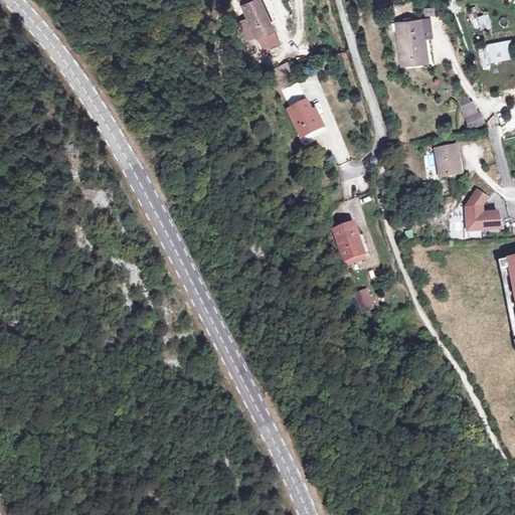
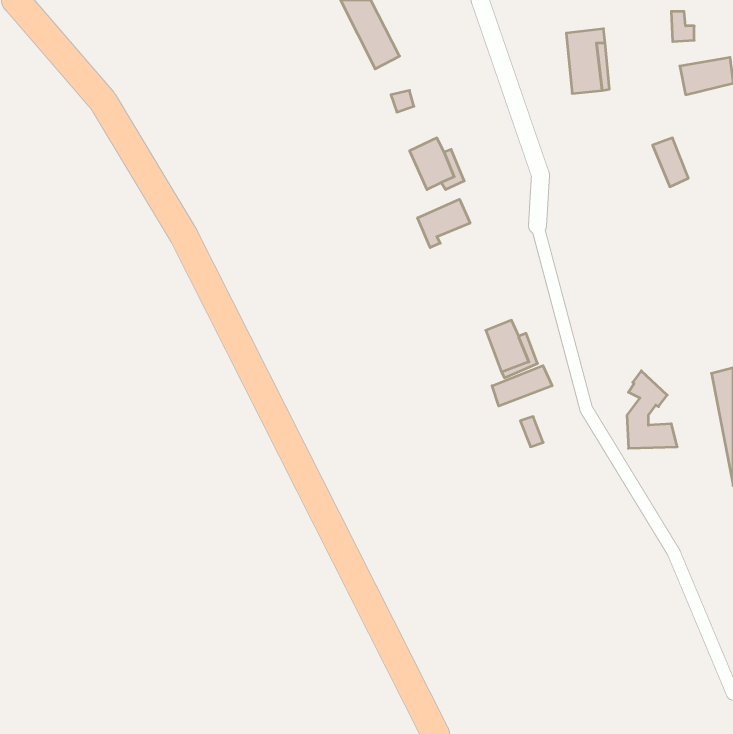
building: none -> [418,199,470,248]
building: [436,146,461,176] -> none
building: [465,175,500,229] -> [627,371,677,448]
building: none -> [492,366,552,406]

